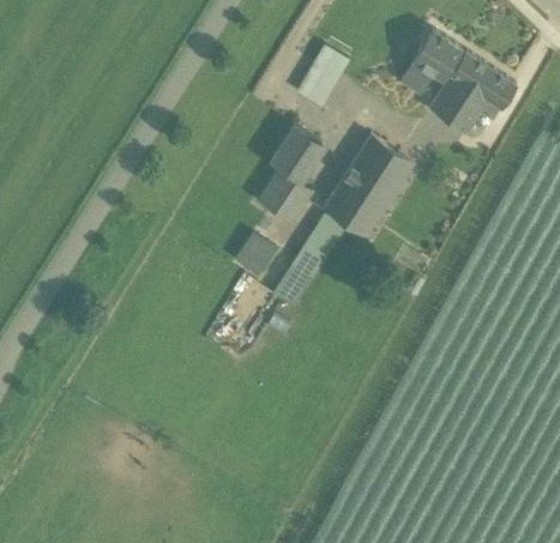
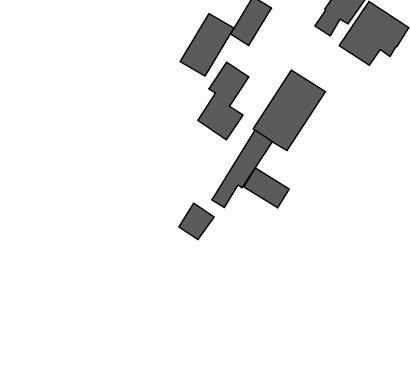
building: none -> [180,14,234,76]
building: [234,230,277,274] -> [179,203,214,240]
building: none -> [244,168,289,208]

